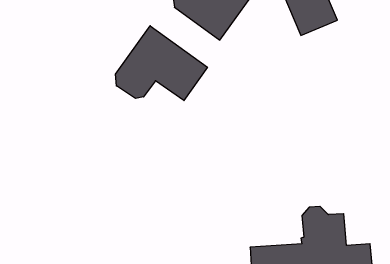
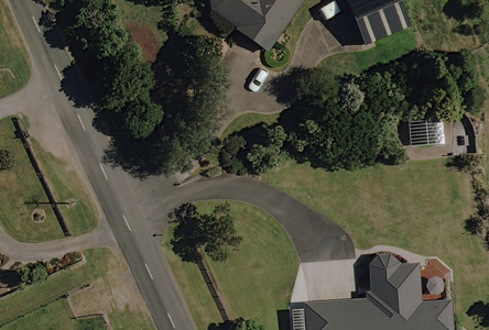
building: [115,26,207,101] -> none

